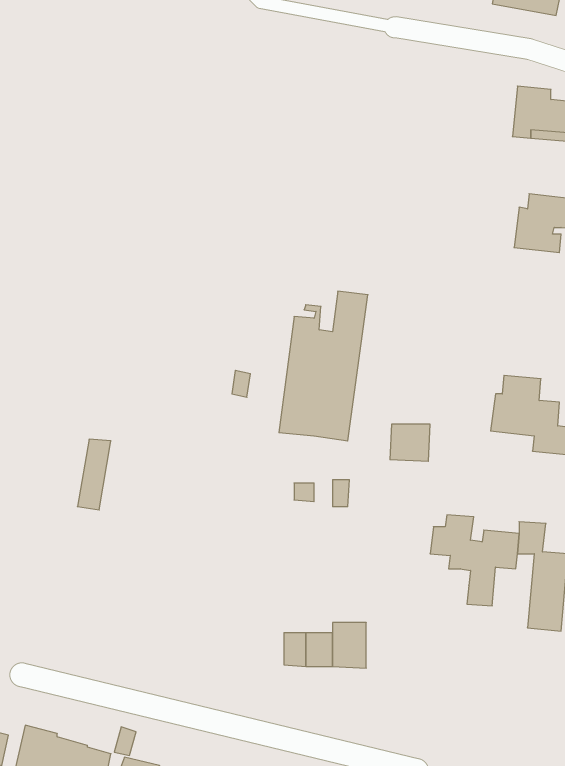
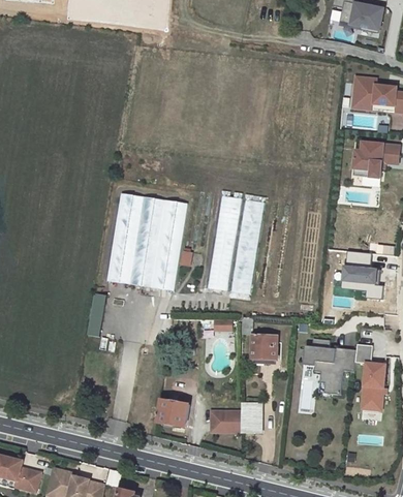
building: none -> [105,191,186,289]
building: [390,424,430,461] -> [253,336,278,359]
building: none -> [158,400,189,426]

